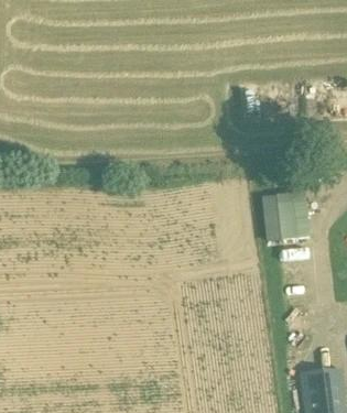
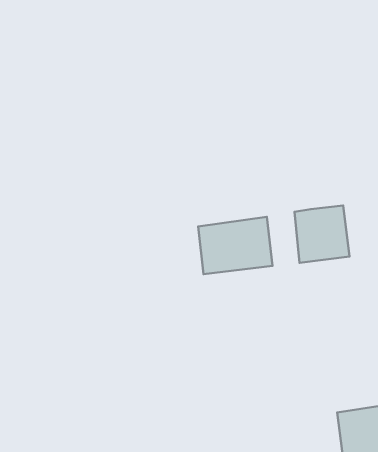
building: none -> [198,217,273,274]

